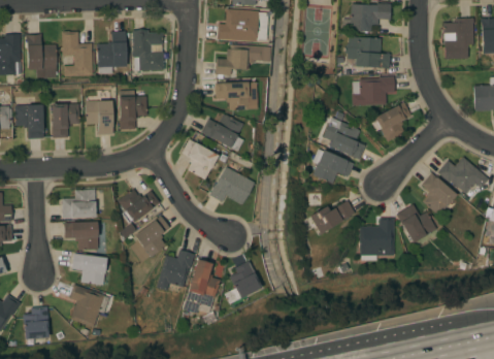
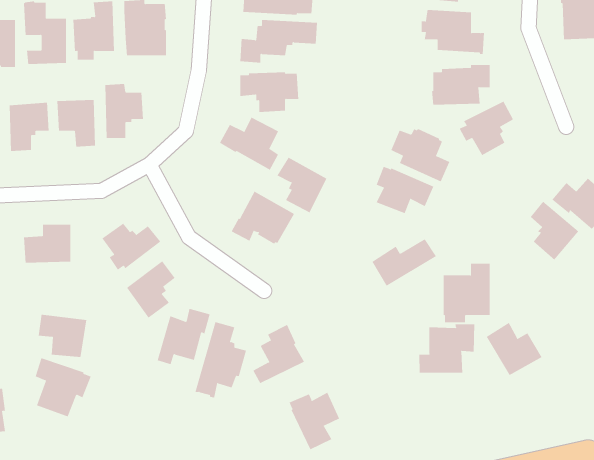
building: [182,139,218,180] -> [276,157,327,213]
building: [397,204,437,242] -> [486,322,542,376]
building: [64,222,99,250] -> none
building: none -> [419,323,475,373]
building: none -> [289,392,340,450]

